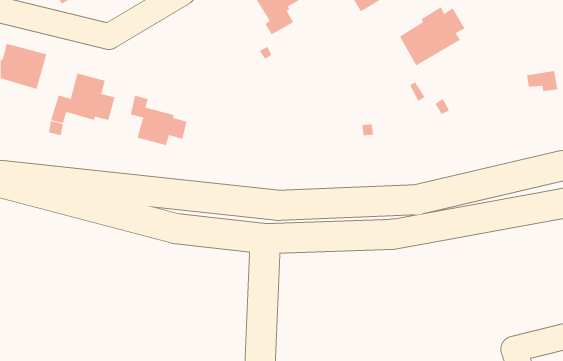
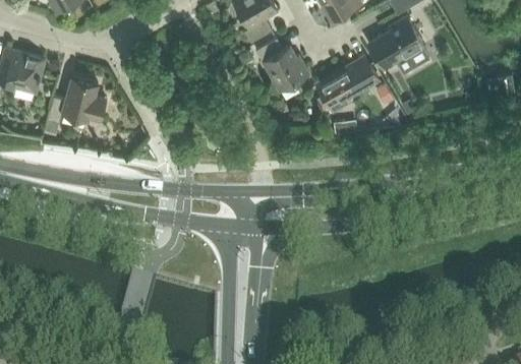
building: none -> [255,37,309,89]
building: none -> [315,56,379,110]
building: [130,95,187,146] -> none

